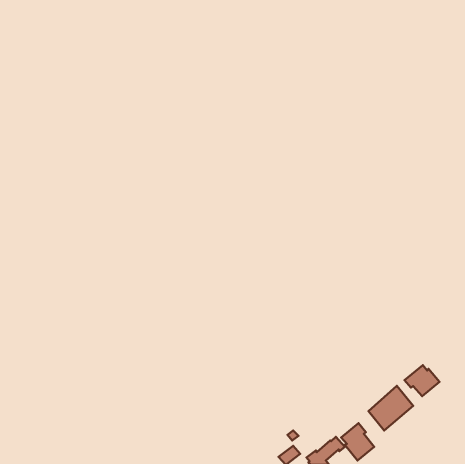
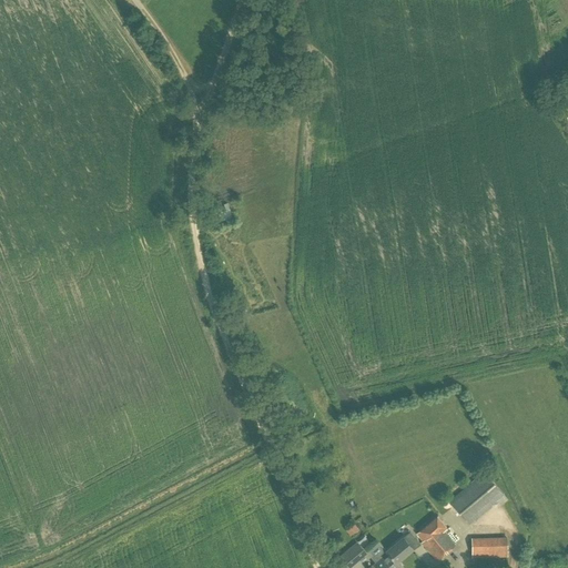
building: [404,365,439,396] -> none
building: none -> [471,538,507,559]

